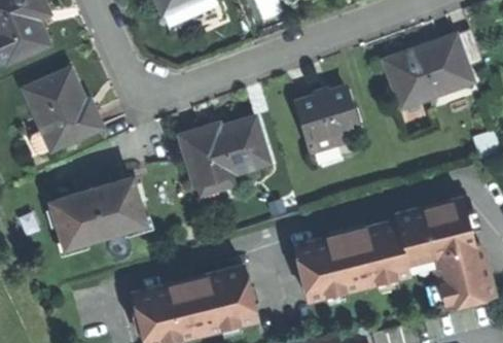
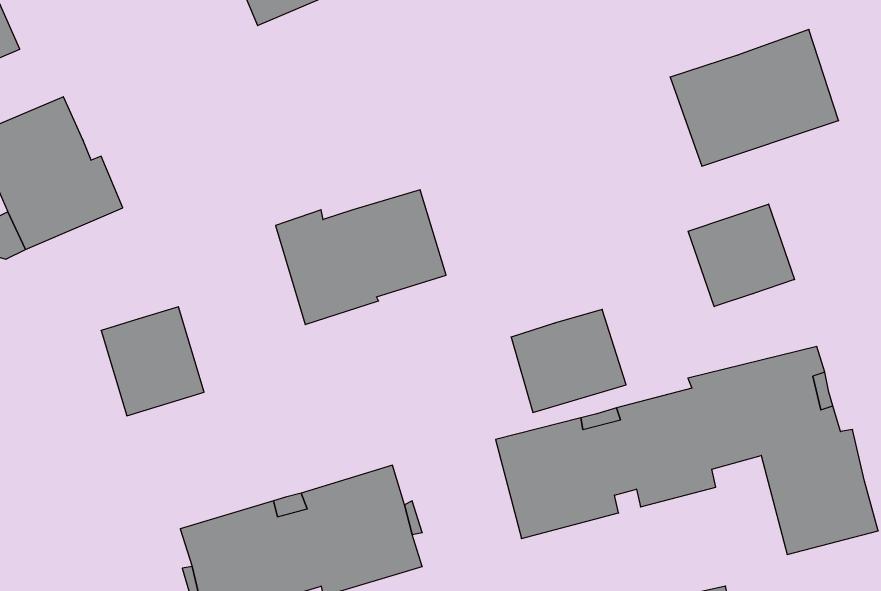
building: [297,87,357,140] -> [511,309,626,412]
building: none -> [688,204,794,307]
building: [50,191,103,246] -> none

